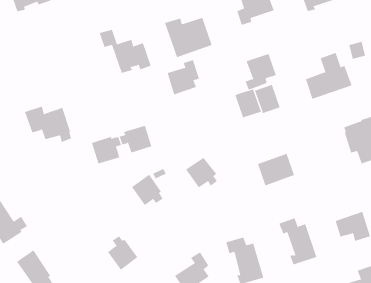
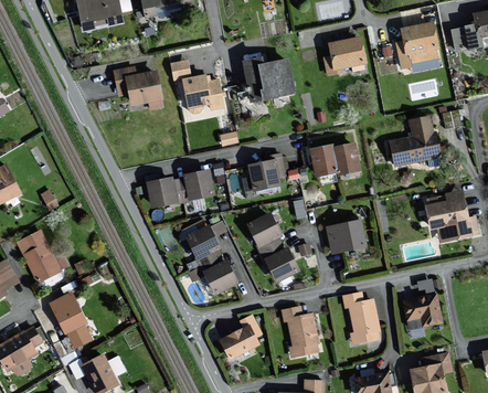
building: [245,53,276,90] -> none
building: [167,59,200,95] -> [248,153,284,190]
building: [24,106,72,143] -> [113,66,161,109]
building: none -> [265,241,299,279]
building: [107,235,138,271] -> [203,253,236,291]

